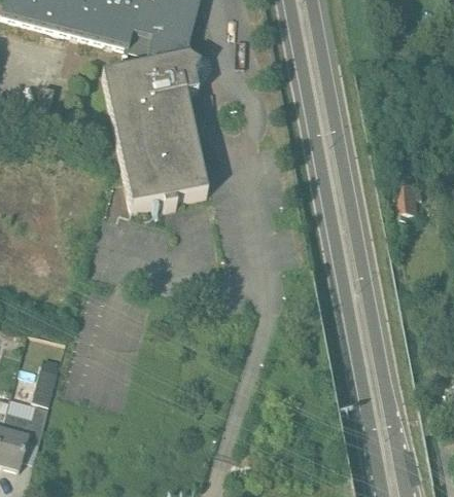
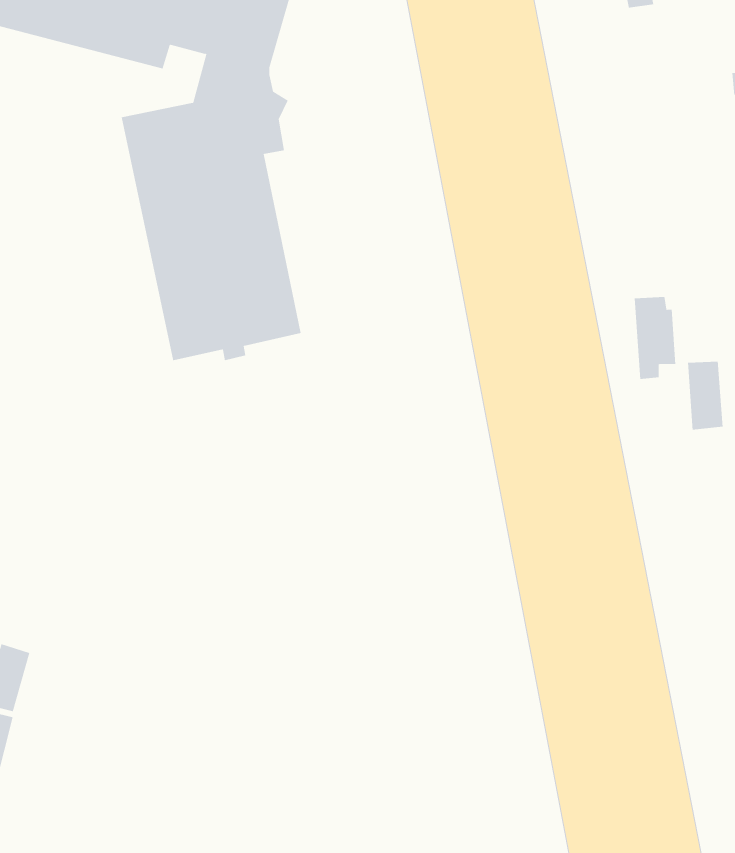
building: none -> [688,361,723,431]

